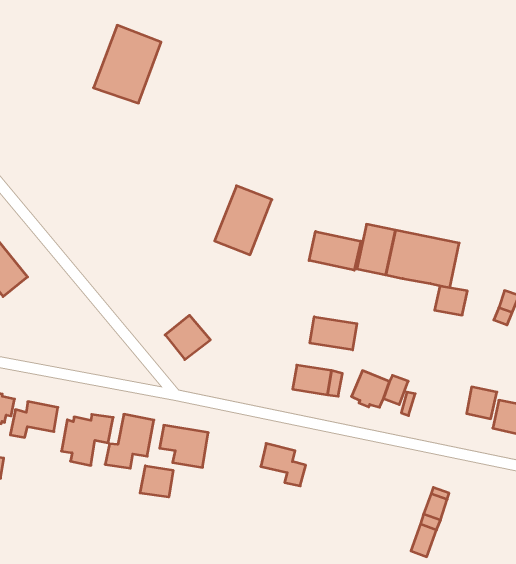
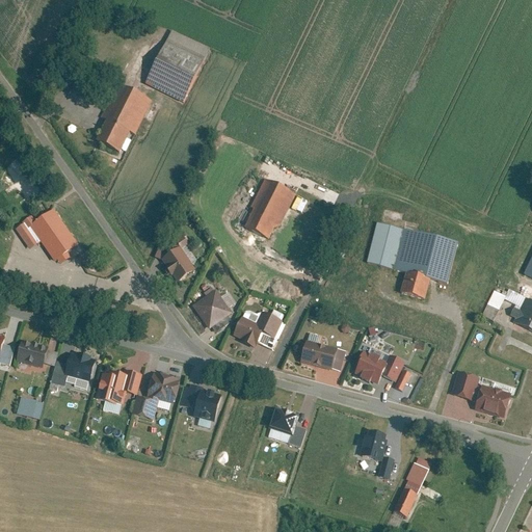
building: none -> [94,82,152,151]
building: [309,231,361,270] -> none
building: none -> [162,246,197,283]
building: [435,286,467,315] -> [399,271,429,298]
building: [310,317,357,350] -> none
building: none -> [234,312,282,347]
building: [140,466,173,497] -> none
building: none -> [363,433,389,463]

